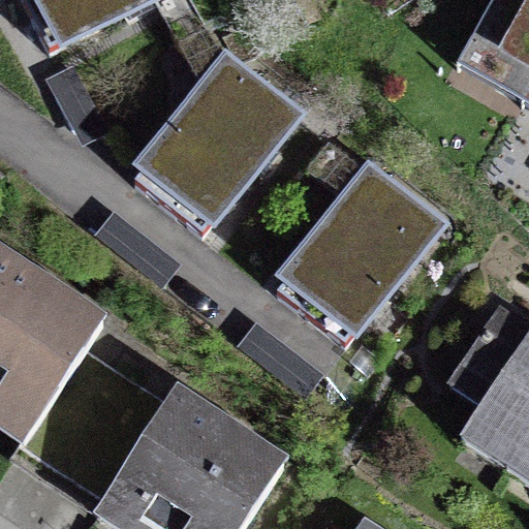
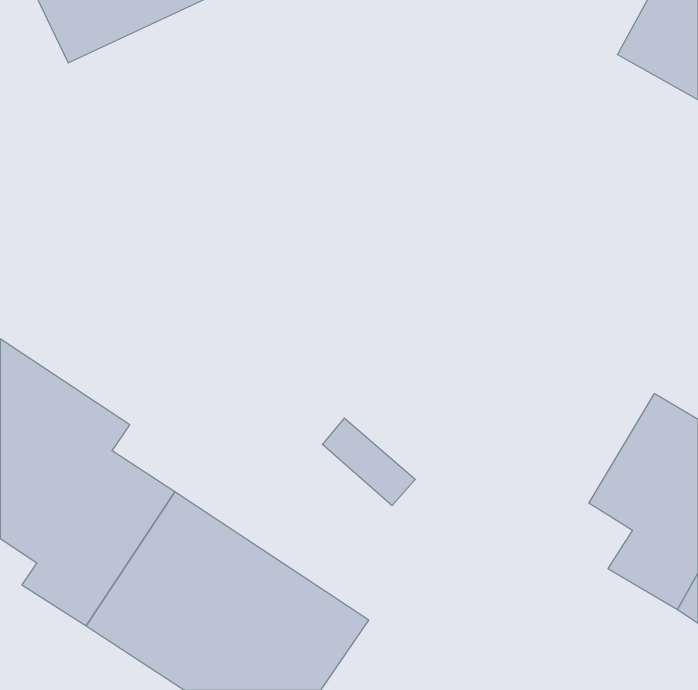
building: [138,65,292,224] -> none
building: [274,158,448,346] -> none

